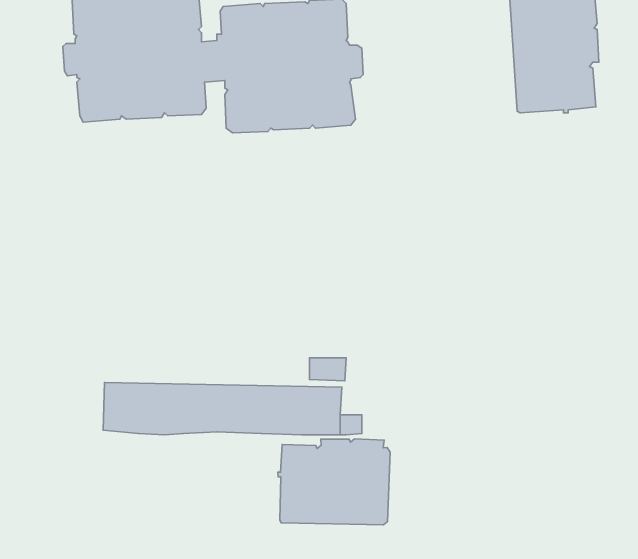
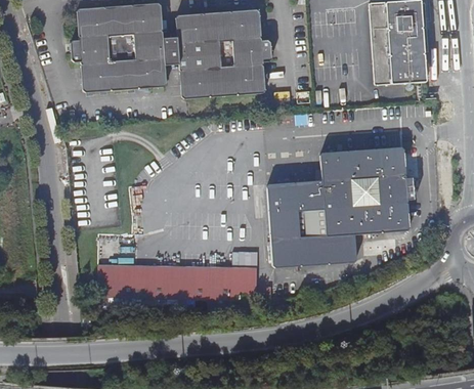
building: none -> [267,147,417,264]
building: [278,439,390,525] -> none

